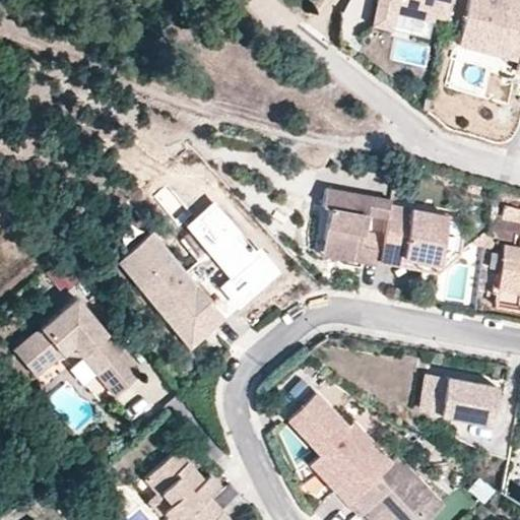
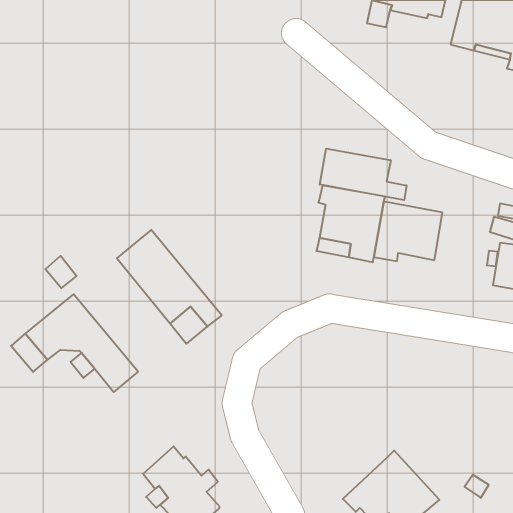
building: none -> [320,149,407,200]
building: [186,202,279,307] -> none
building: [417,374,497,424] -> none
building: [288,394,392,505] -> none

